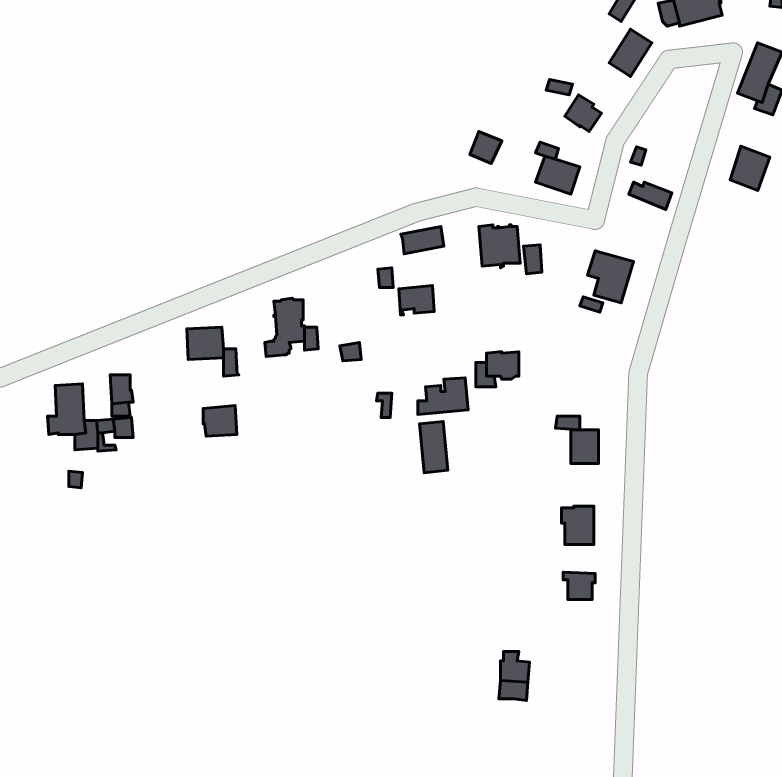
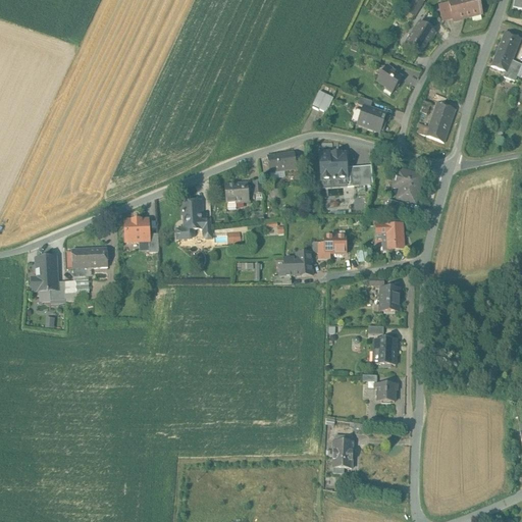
building: [730,146,770,191] -> [429,99,456,128]
building: [399,286,434,315] -> [224,182,248,202]
building: none -> [376,221,404,247]
building: [203,406,237,436] -> [87,248,109,268]
building: [419,422,448,473] -> none

